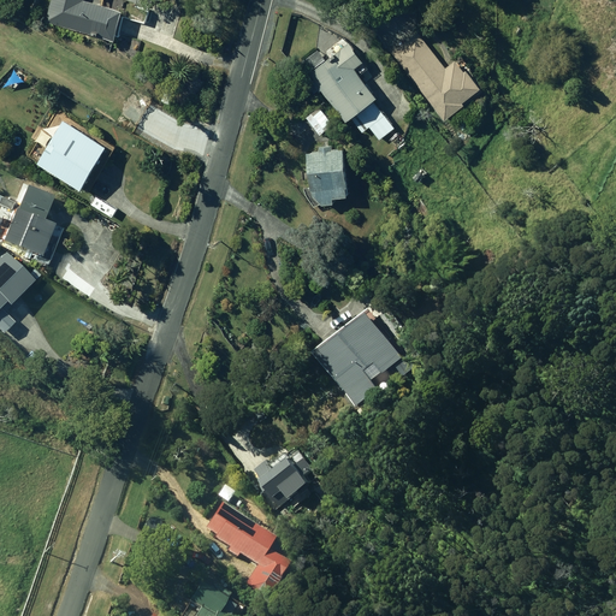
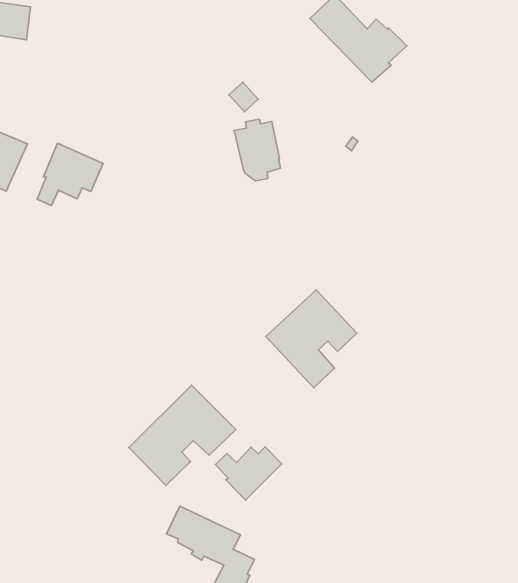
building: [309,43,385,132] -> none
building: none -> [37,143,103,205]
building: none -> [129,385,236,486]

